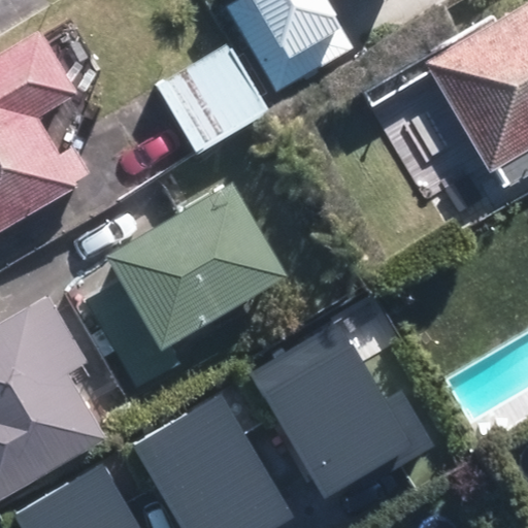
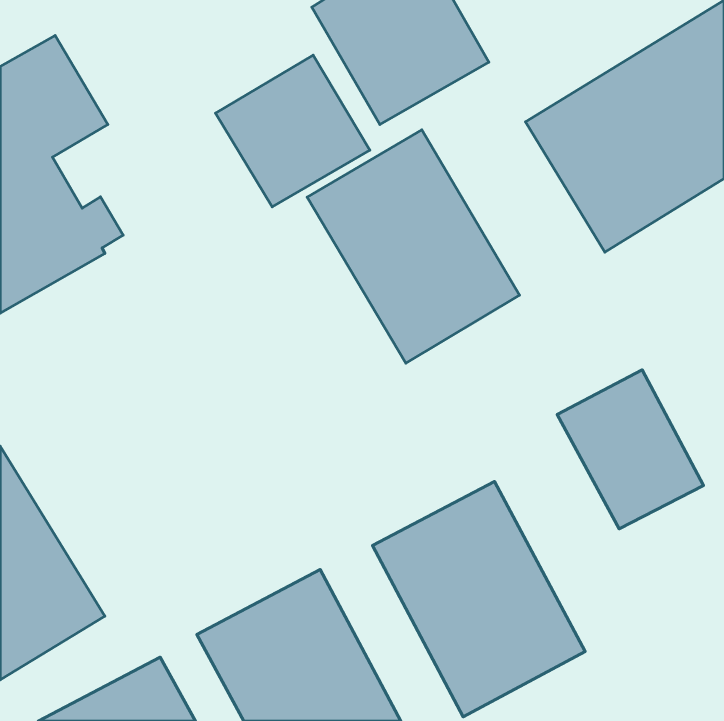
building: none -> [307,130,519,363]
building: [73,201,257,369] -> none
building: none -> [557,370,703,529]

